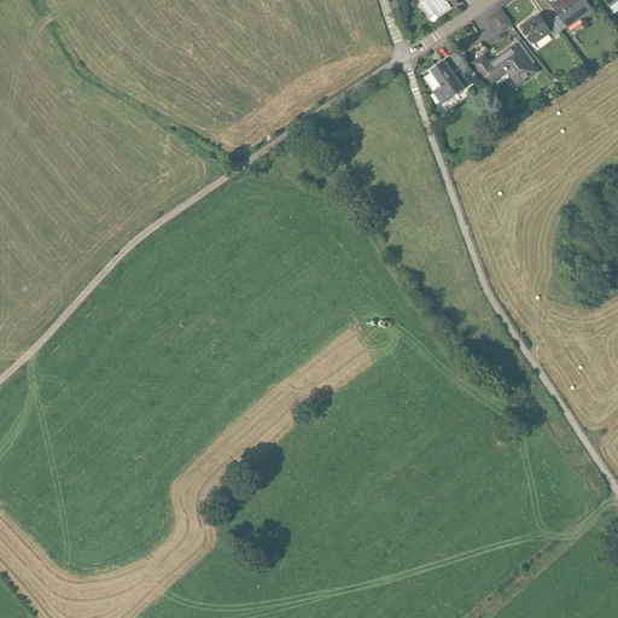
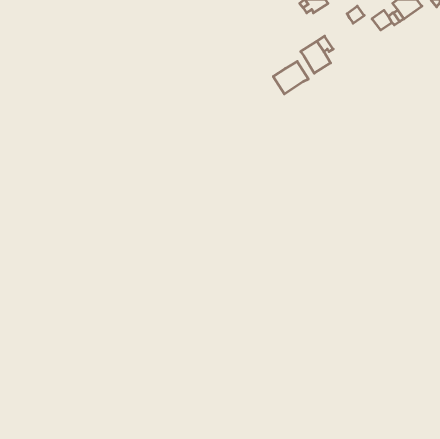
building: [472,42,537,86] -> none
building: none -> [273,61,308,94]

